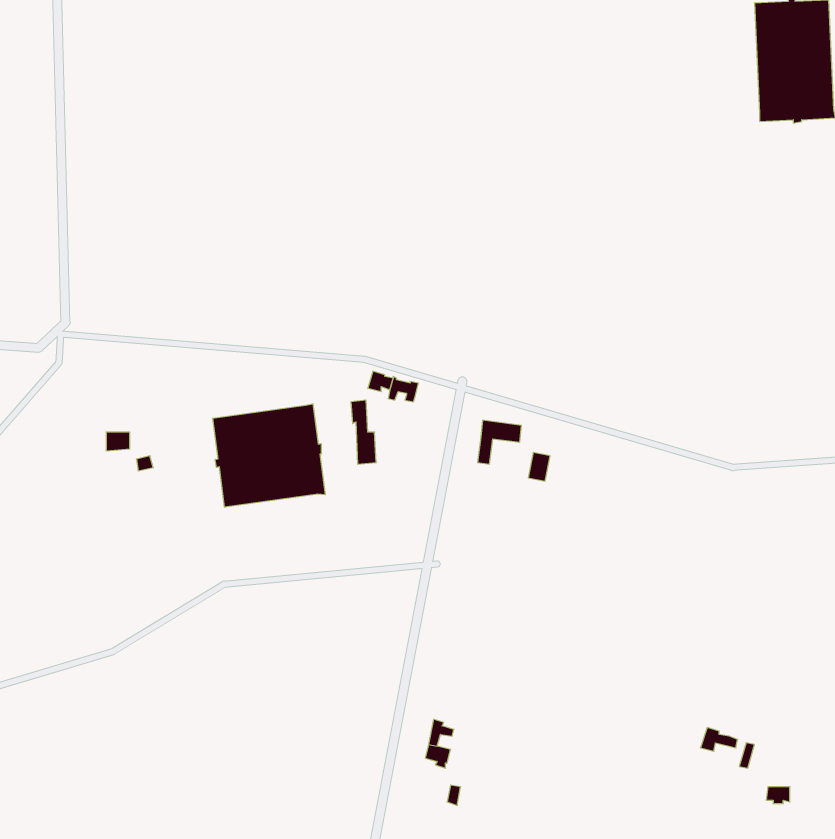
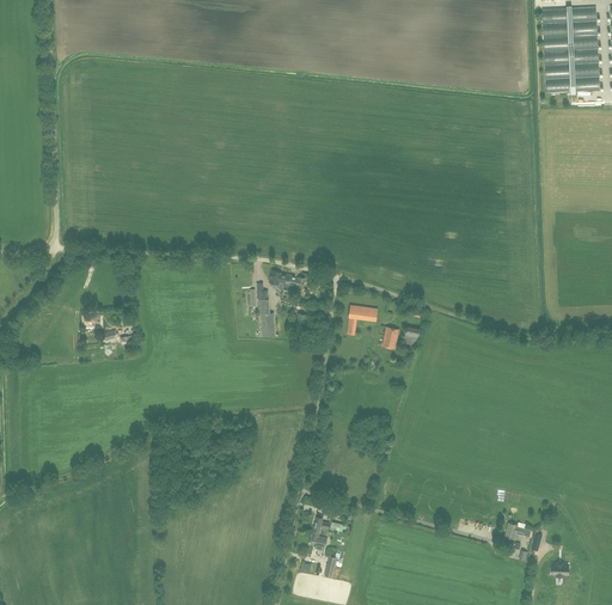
building: [213,404,325,507] -> none

